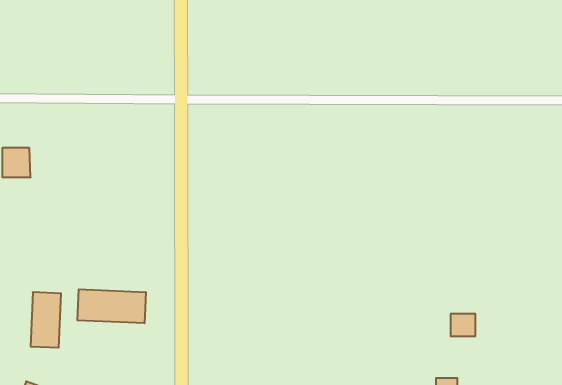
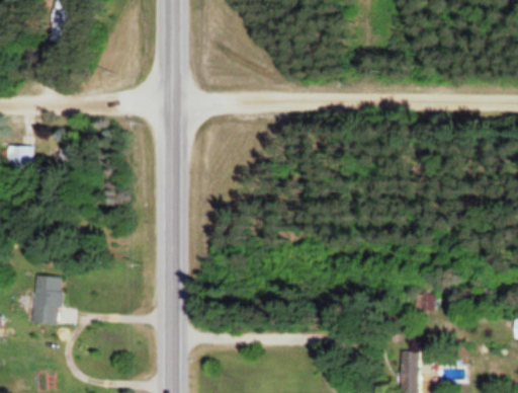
building: [77,289,146,323] -> none

